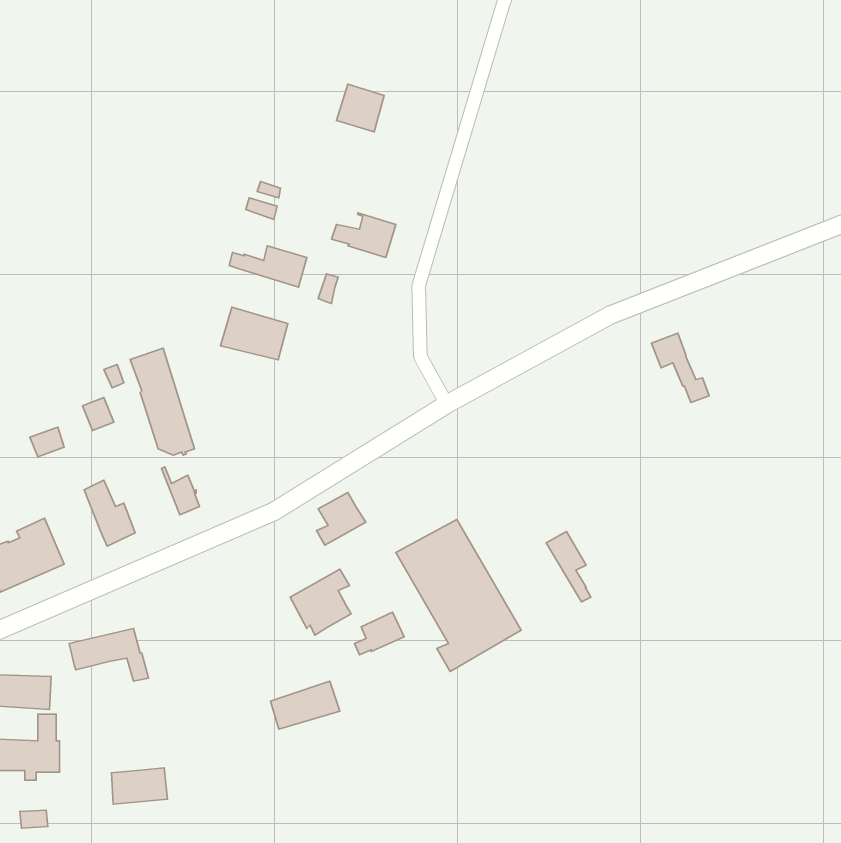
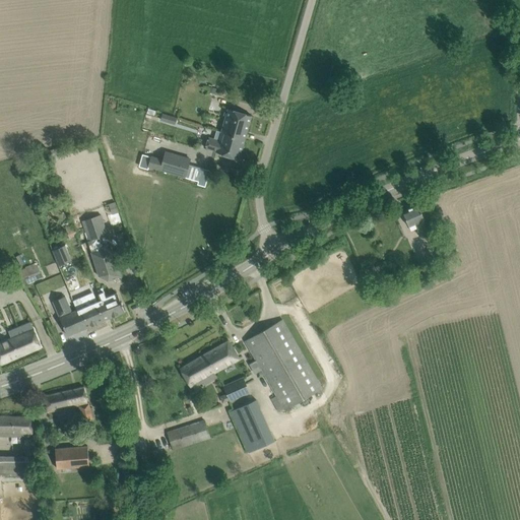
building: [336,84,384,132] -> [220,109,250,138]
building: [221,307,288,360] -> none
building: none -> [72,288,111,328]
building: [317,492,366,545] -> [208,340,239,373]
building: [546,532,591,602] -> none
building: none -> [228,398,270,452]
building: [111,768,167,804] -> [54,446,88,468]

